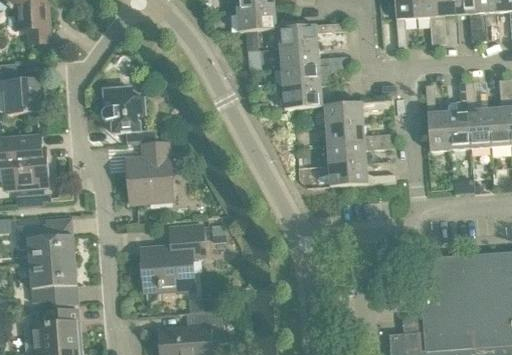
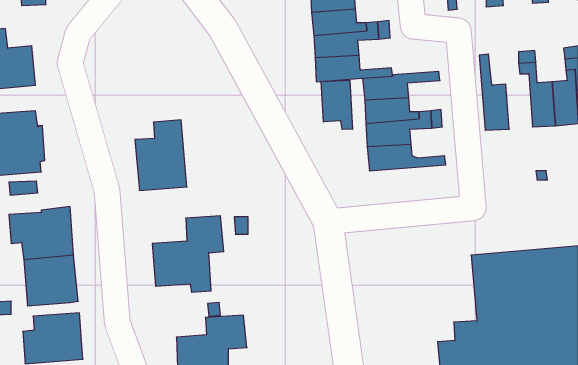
building: [101,88,156,144] -> none
building: [447,102,470,150] -> none
building: none -> [321,80,352,129]

